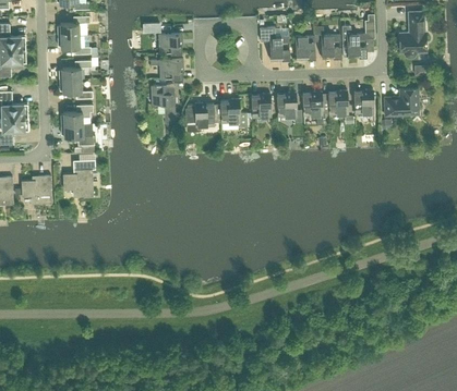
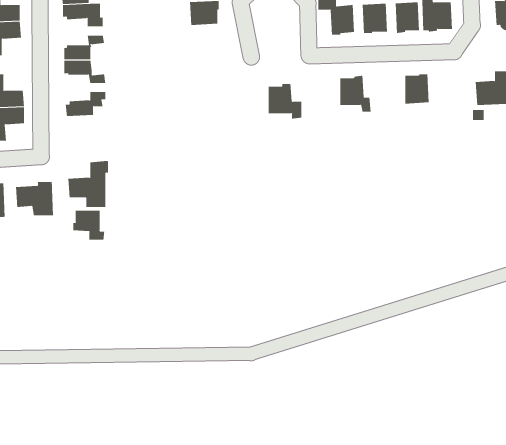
building: [151,60,183,80] -> none
building: [152,85,179,124] -> none
building: [353,90,373,114] -> none
building: [302,91,323,125] -> none
building: [251,94,270,118] -> none
building: [185,103,214,127] -> none
building: [61,124,94,146] -> none
building: none -> [73,210,105,241]

